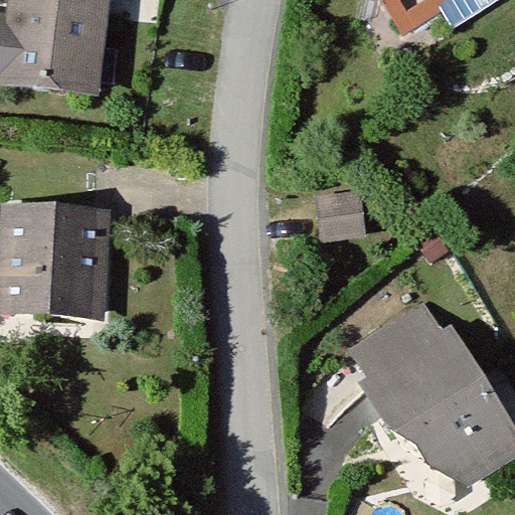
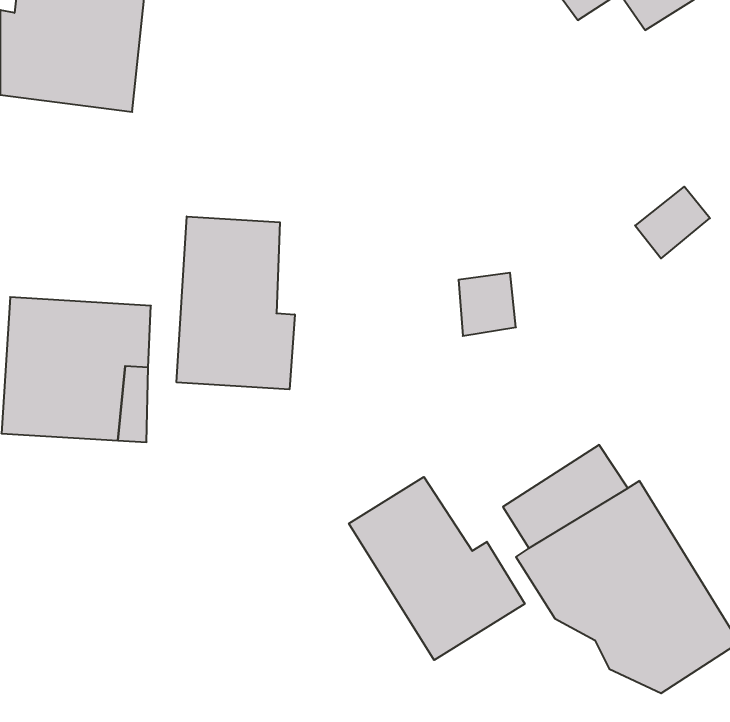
building: none -> [177,216,295,389]
building: none -> [349,477,525,660]

